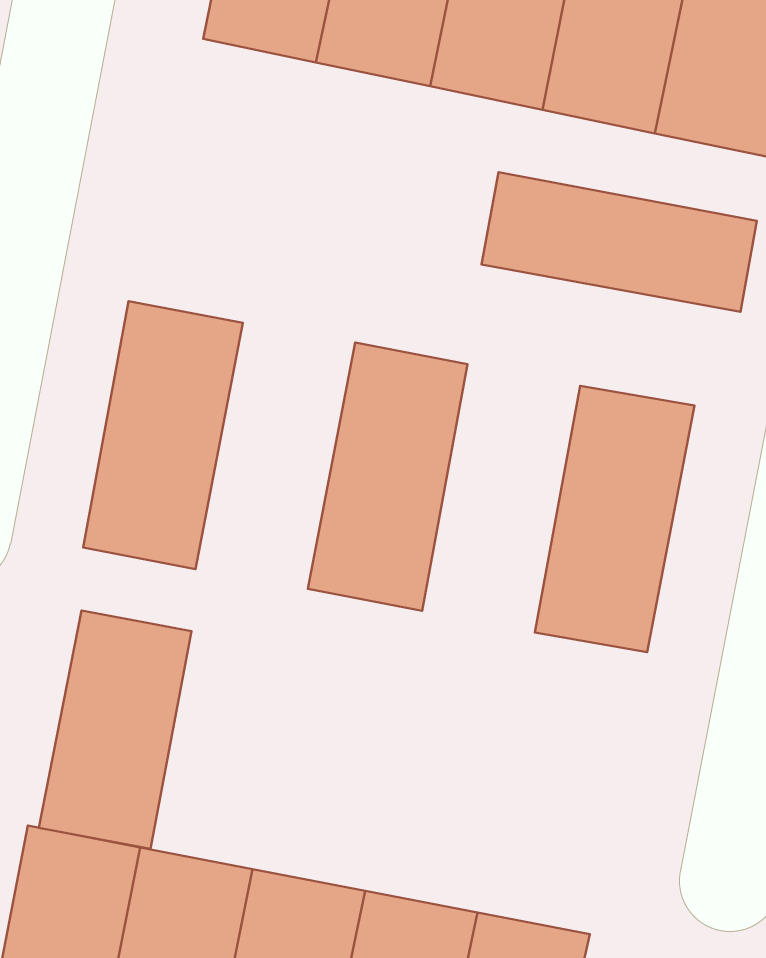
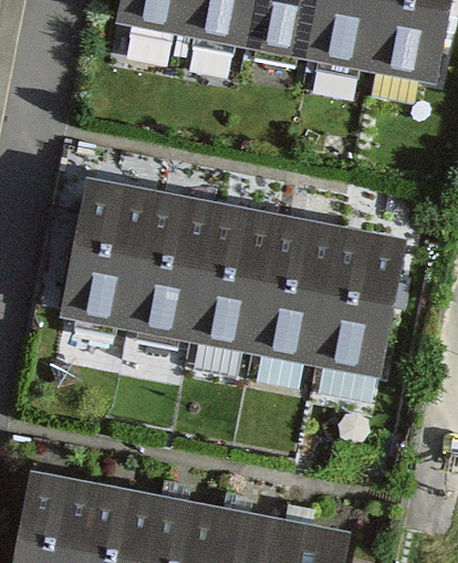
building: [482,172,757,312] -> none
building: none -> [123,190,212,340]
building: none -> [250,213,339,364]
building: [39,611,191,849] -> none

